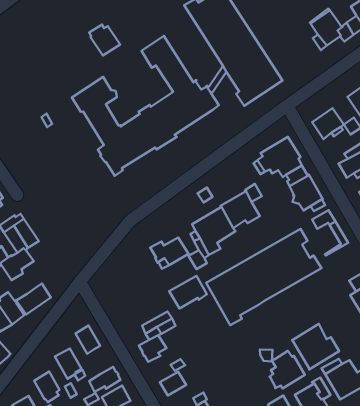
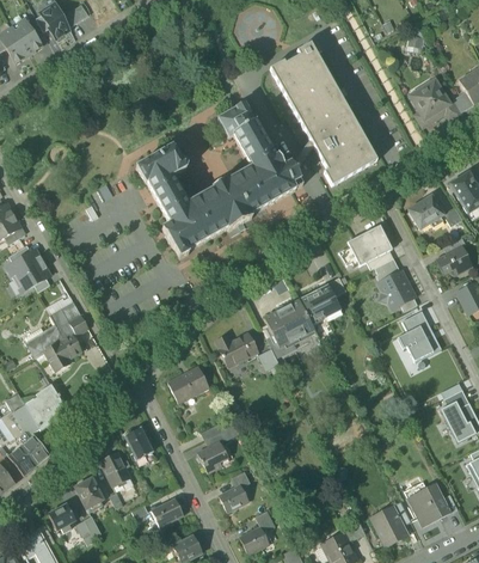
building: [89,24,120,56] -> none
building: none -> [397,325,432,361]
building: [206,229,321,325] -> none
building: [169,276,207,308] -> [165,365,208,400]
building: [16,283,51,315] -> none
building: [292,324,339,370] -> none
building: [269,351,305,389] -> none
building: [89,367,120,392] -> none

